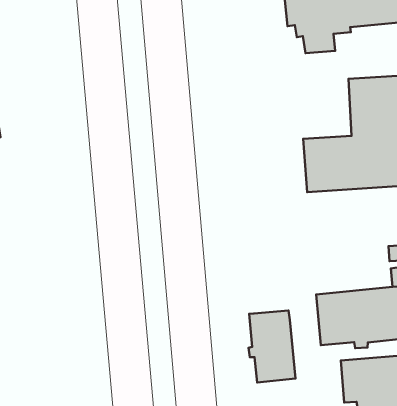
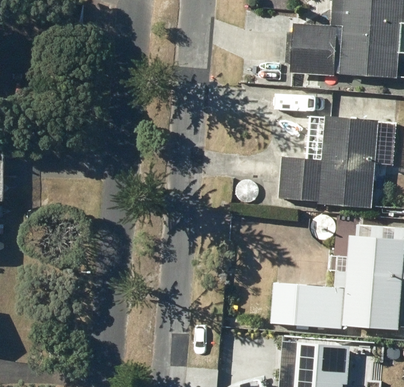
building: [249,311,295,383] -> none

